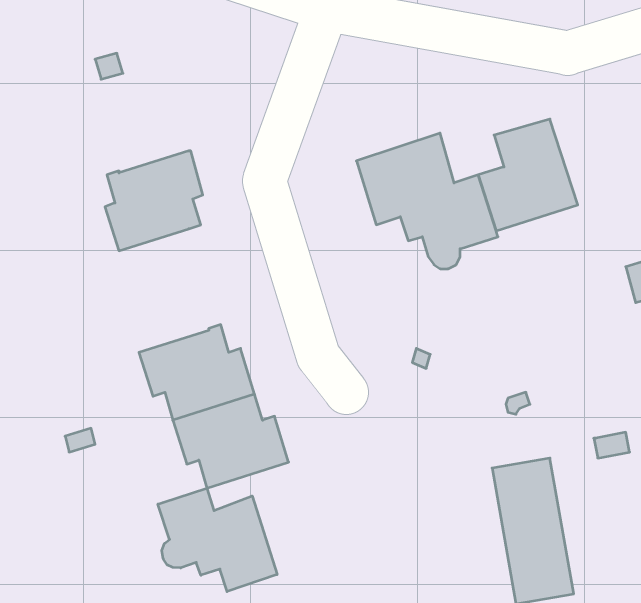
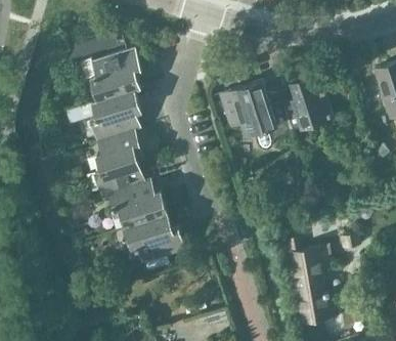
building: none -> [77,49,141,101]
building: none -> [94,130,143,196]
building: [158,488,277,592] -> none

